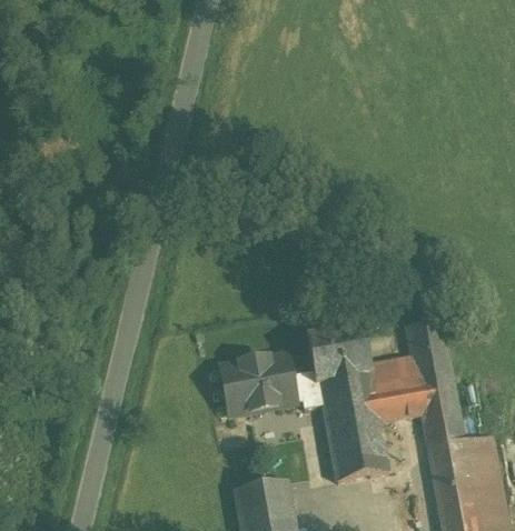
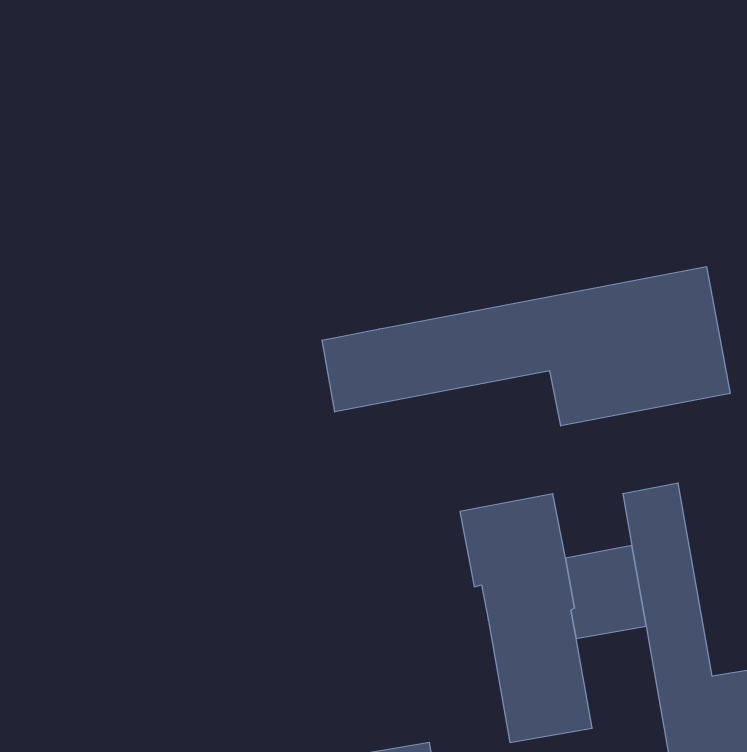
building: none -> [322,267,730,426]
building: [221,355,324,415] -> none

